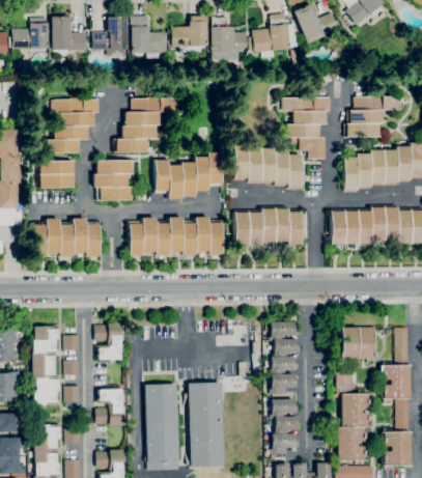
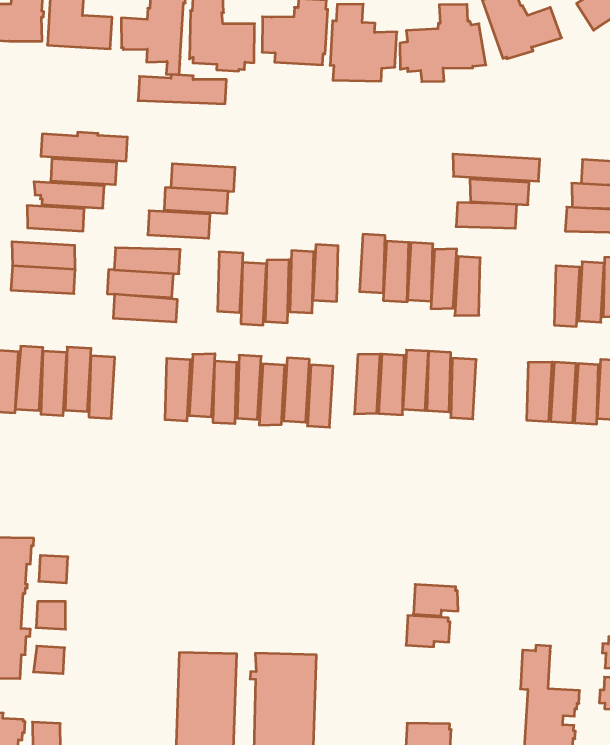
building: [131,96,179,112] -> [138,75,226,104]
building: [299,138,325,159] -> none
building: [271,321,296,338] -> none
building: [95,322,122,360] -> none
building: [340,327,375,362] -> none
building: [271,373,296,394] -> none
building: [96,389,123,426] -> none
building: [272,399,297,416] -> none

